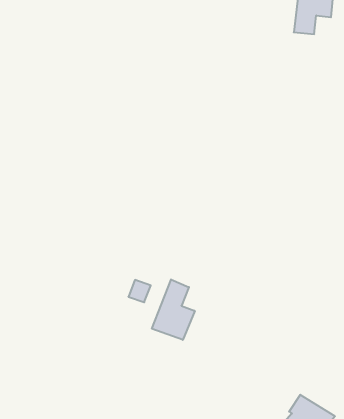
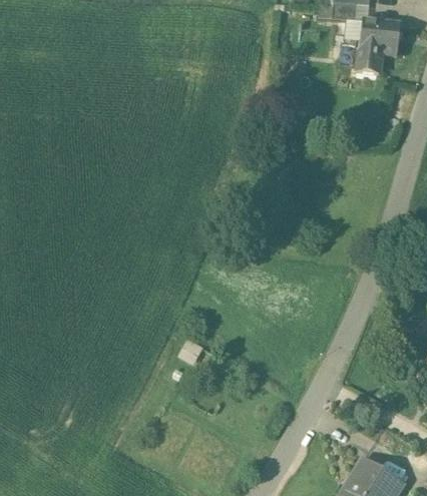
building: [152,279,195,340] -> none

